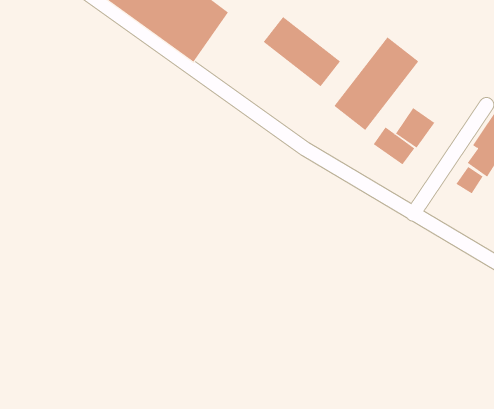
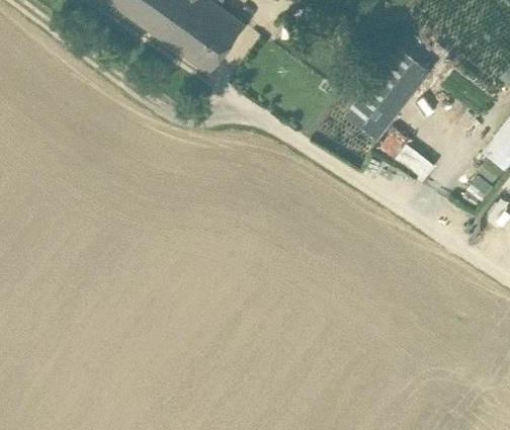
building: [263,16,341,87] -> none
building: [395,107,435,148] -> none

